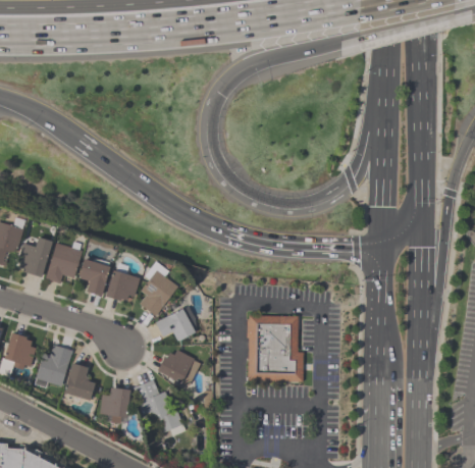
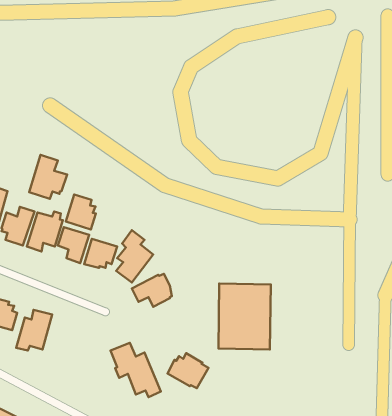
building: none -> [29,155,67,199]
building: none -> [66,195,96,230]
building: [158,349,201,385] -> [168,353,208,388]
building: [64,363,96,400] -> none
building: [100,387,130,423] -> none

